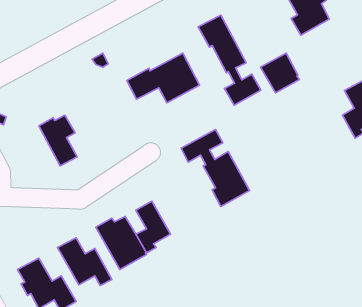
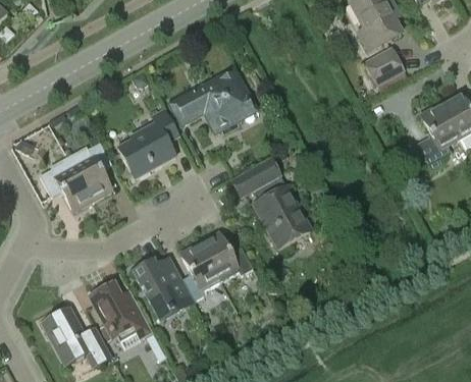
building: [198,15,261,105] -> none
building: [261,53,300,93] -> [361,46,406,92]
building: none -> [117,108,178,178]
building: none -> [40,155,93,211]
building: none -> [198,230,252,279]

